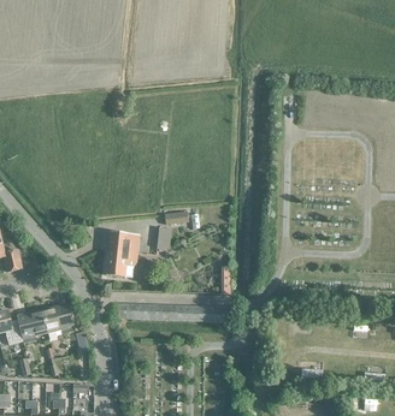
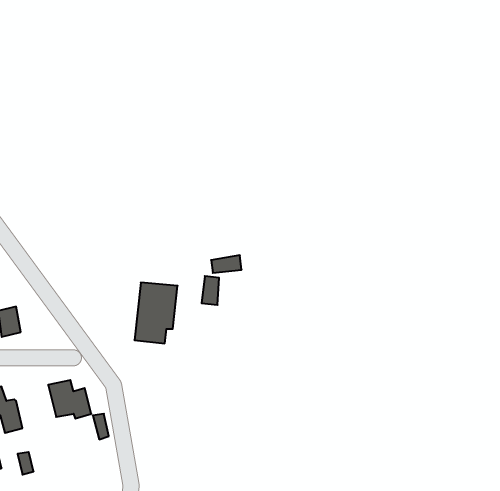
building: [17,308,47,343] -> none

